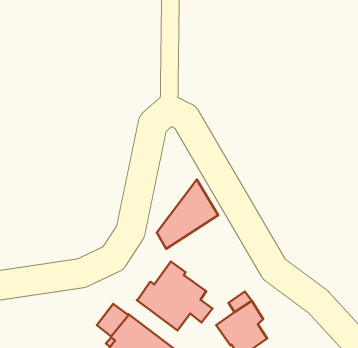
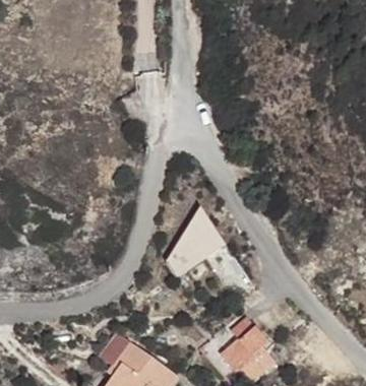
building: [137,261,212,331] -> none

